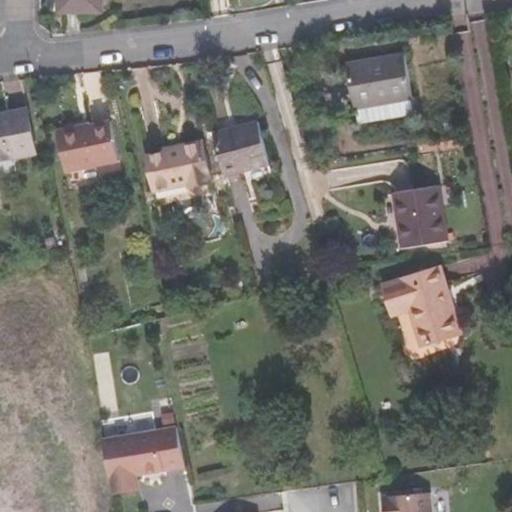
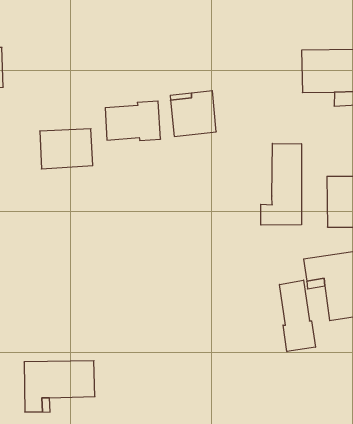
building: [56,120,118,171] -> [40,129,93,169]
building: none -> [261,143,301,225]
building: none -> [280,280,315,352]

